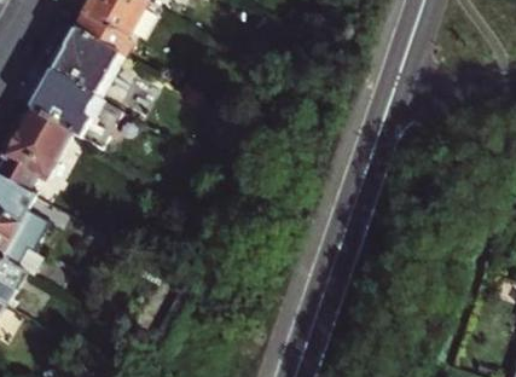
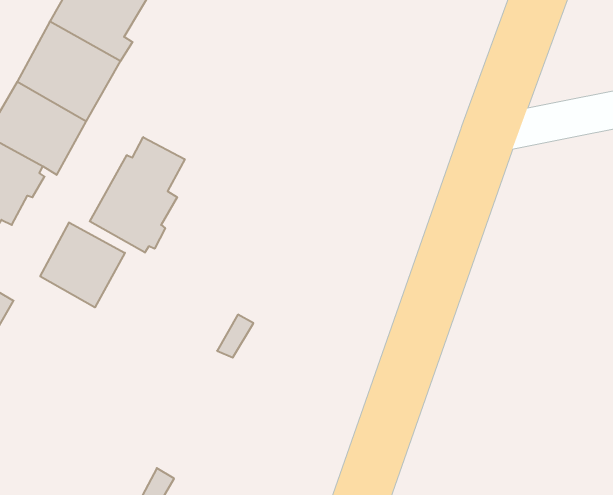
building: none -> [90,137,185,253]
building: none -> [40,222,125,307]

